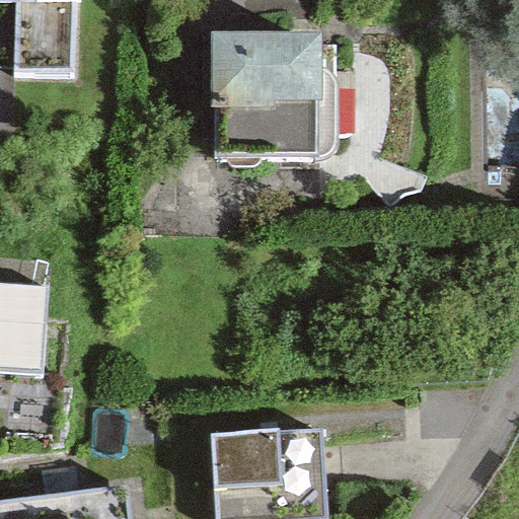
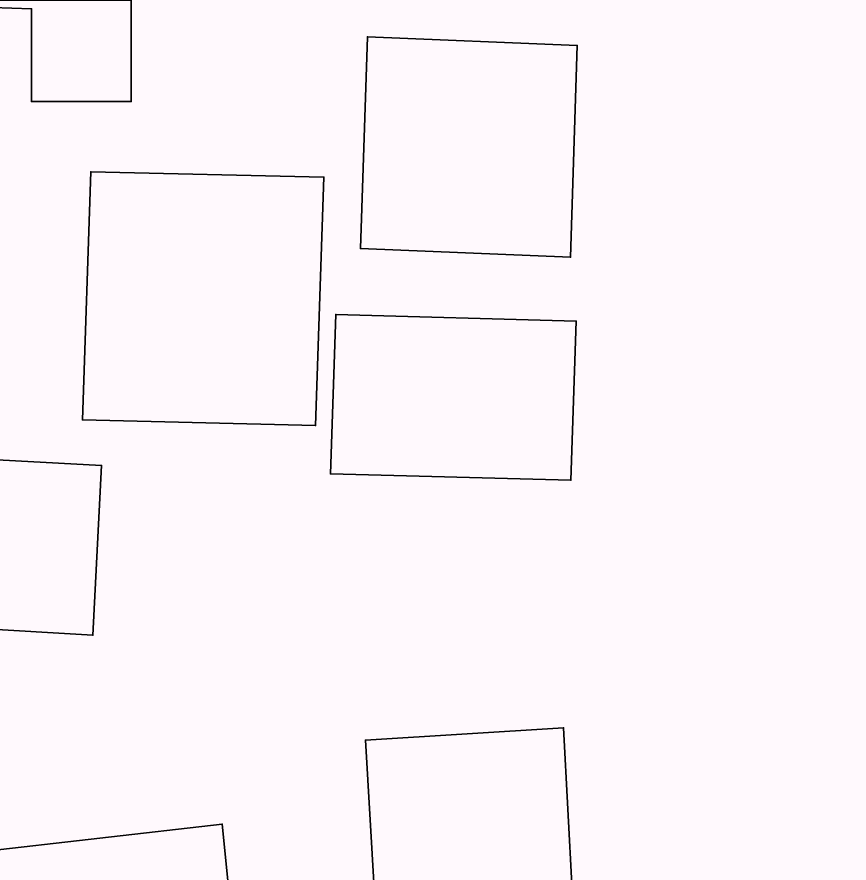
building: none -> [82,172,324,425]
building: none -> [331,314,576,480]

